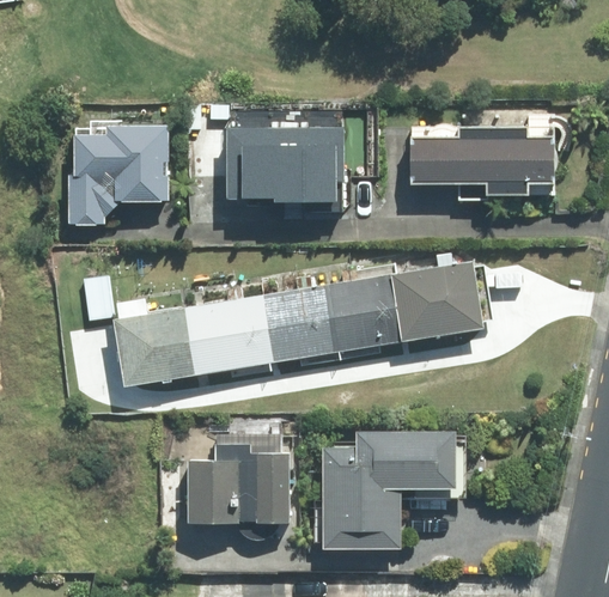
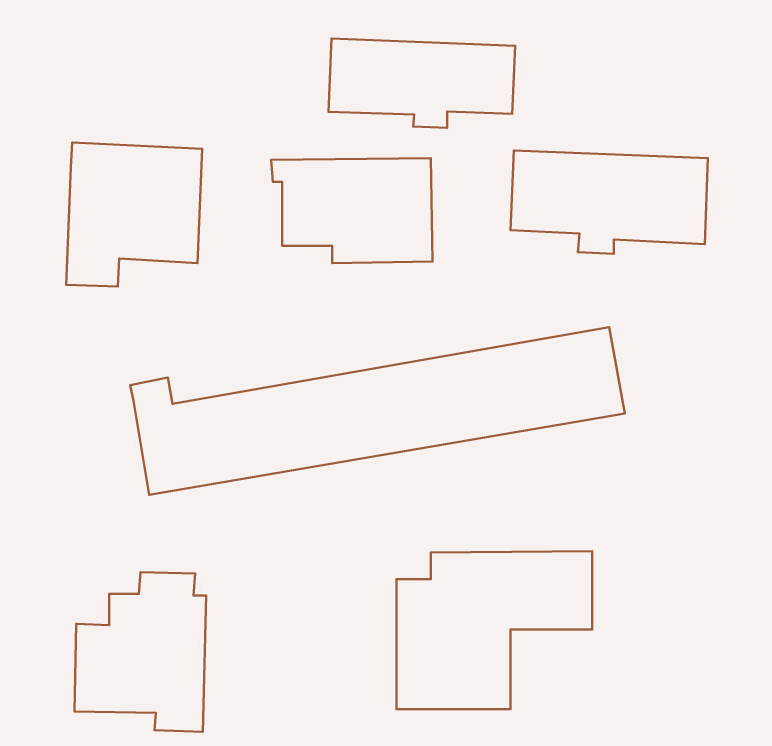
building: none -> [328,38,515,128]
building: [187,418,287,540] -> [75,572,206,732]

